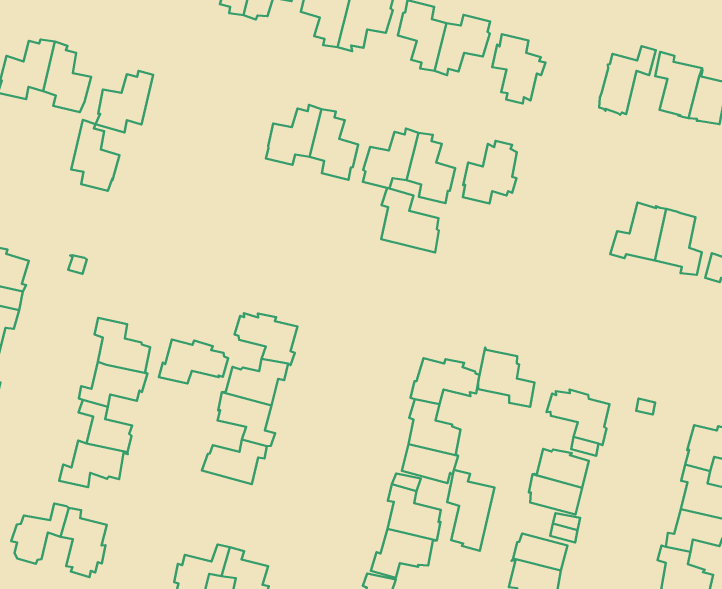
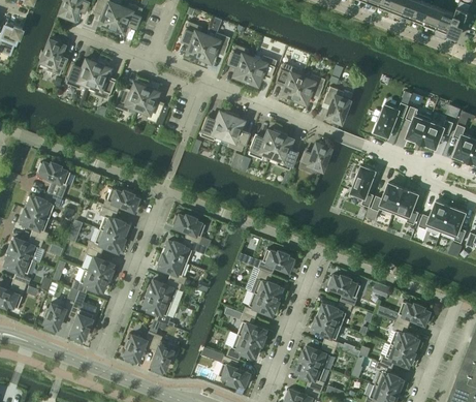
building: [71,120,119,191] -> [138,85,164,123]
building: none -> [352,165,376,207]
building: [381,188,439,253] -> none
building: [159,339,228,383] -> [103,188,140,212]
building: [478,347,535,407] -> none
building: [447,470,495,551] -> none
building: none -> [144,292,171,326]

